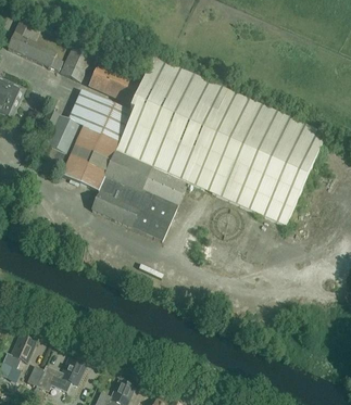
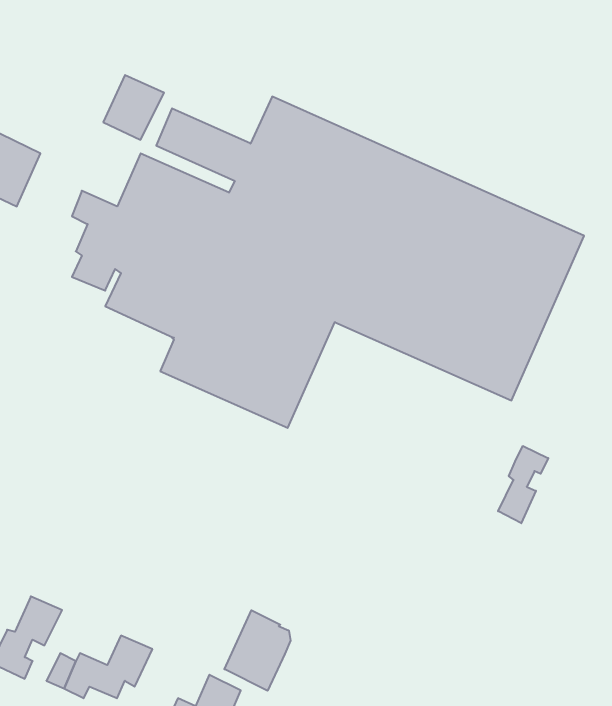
building: [8,21,63,71] -> none
building: none -> [498,446,548,523]
building: none -> [224,610,291,691]

